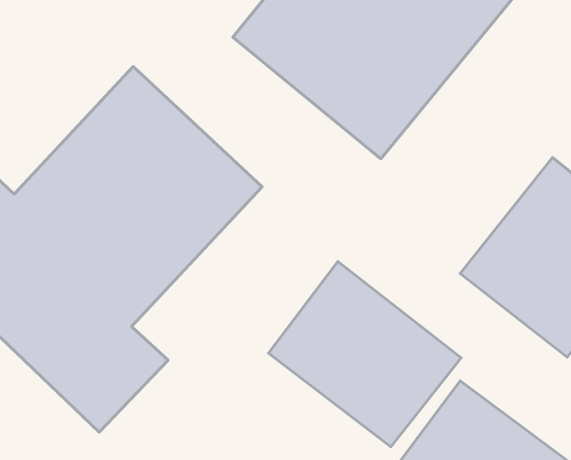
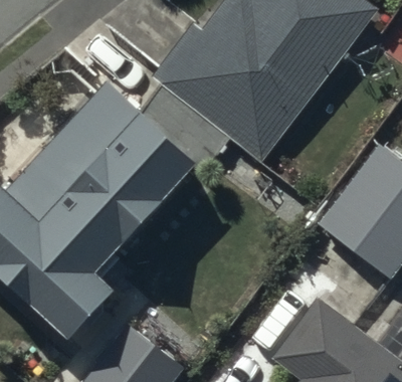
building: [269,261,461,447] -> none

